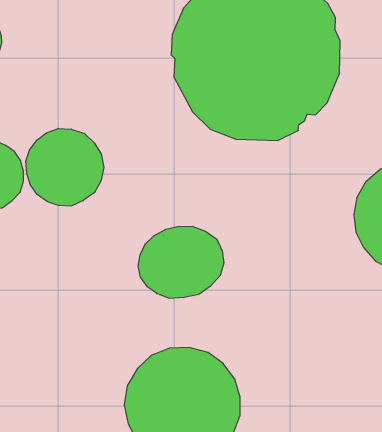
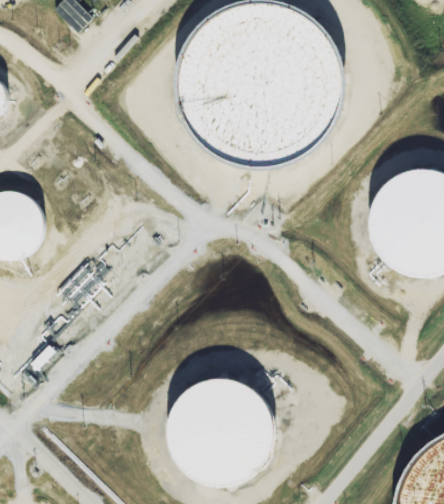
building: [26,128,104,206] -> none
building: [138,226,224,298] -> none

